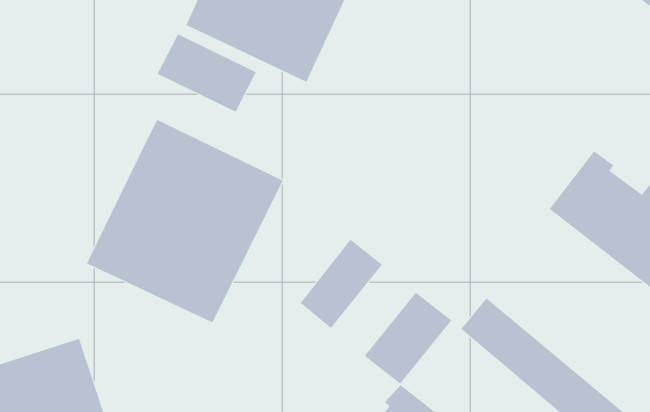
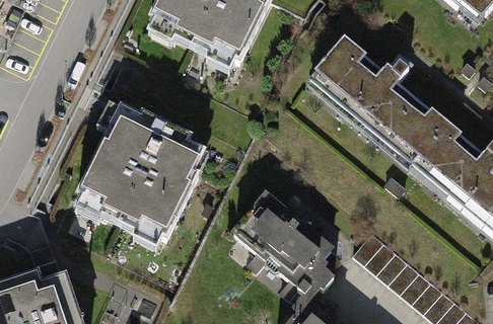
building: none -> [306,34,446,166]
building: [157,33,257,113] -> none
building: none -> [251,208,313,275]

